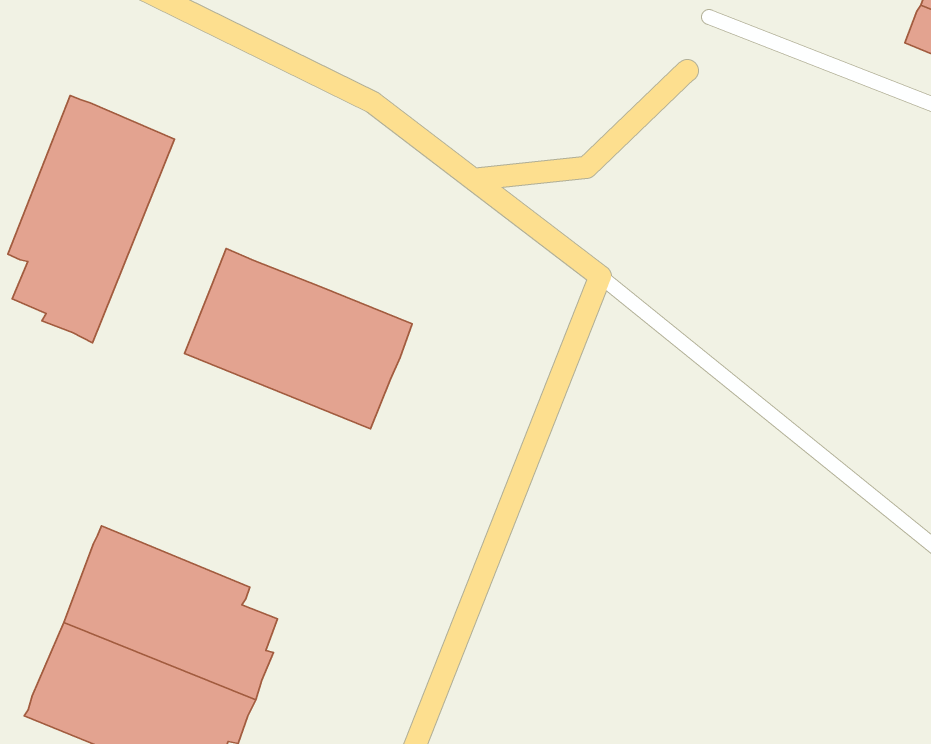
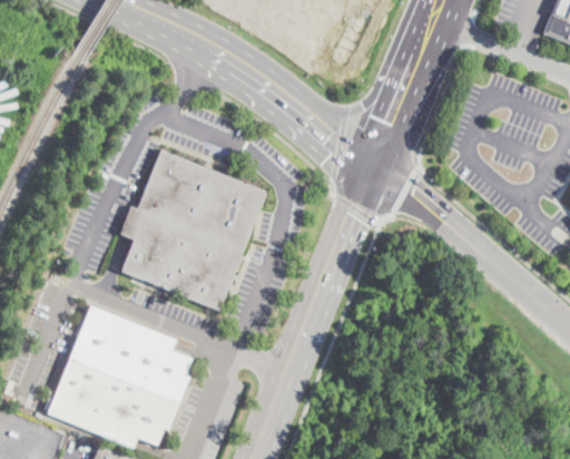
building: [8,96,175,343] -> none
building: none -> [119,206,243,311]

